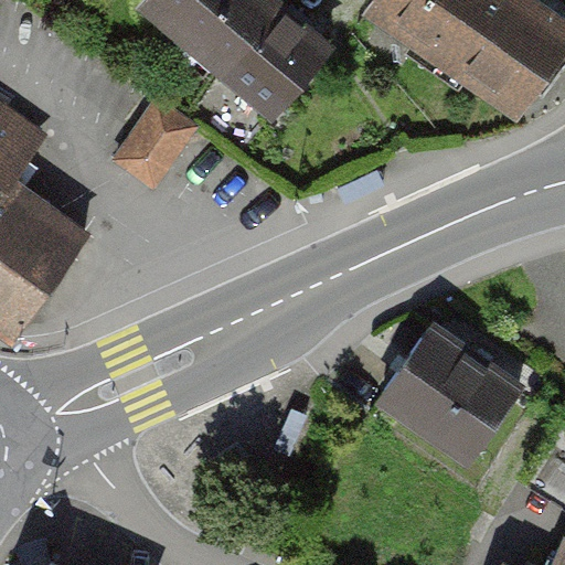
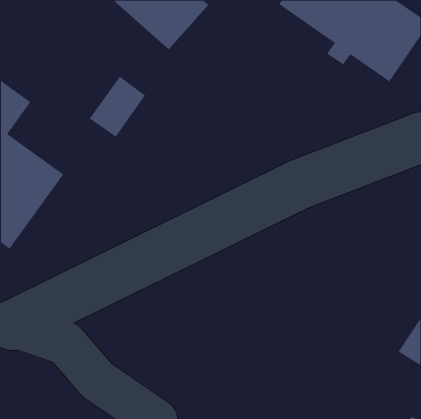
building: [226,9,329,110] -> none
building: [384,329,521,460] -> none

